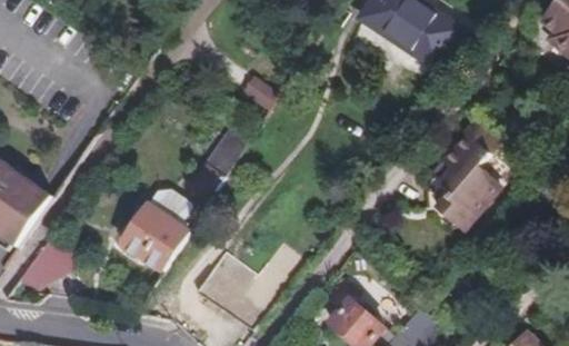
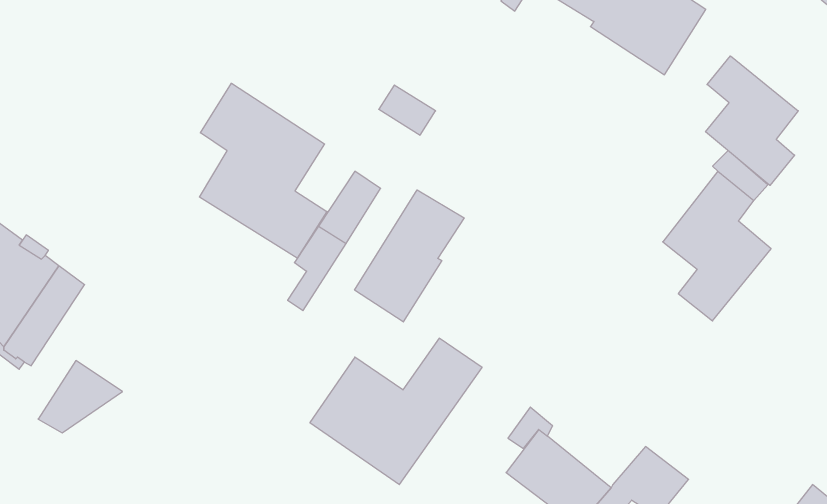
building: none -> [706,56,798,185]
building: none -> [199,83,327,258]
building: none -> [355,190,464,322]
building: [123,206,189,270] -> none

